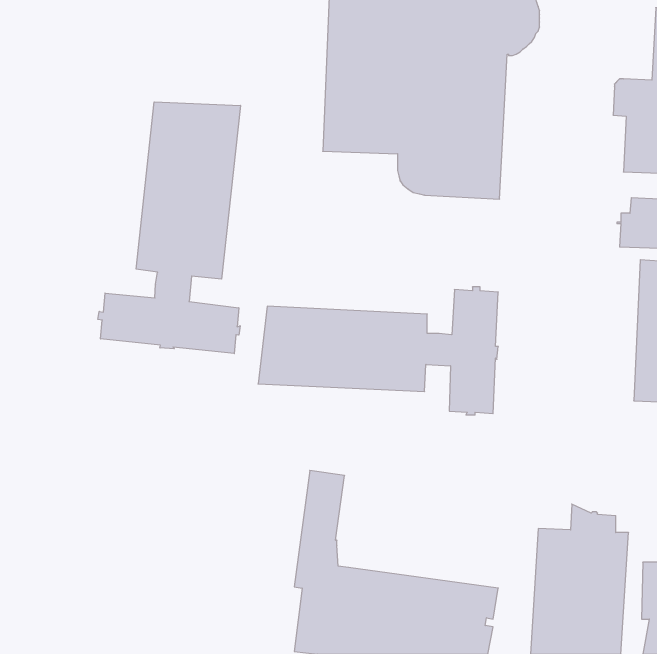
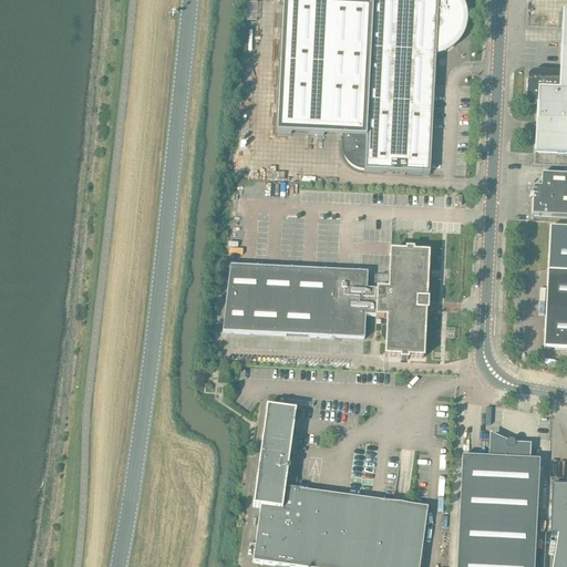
building: [98,102,240,354] -> none

